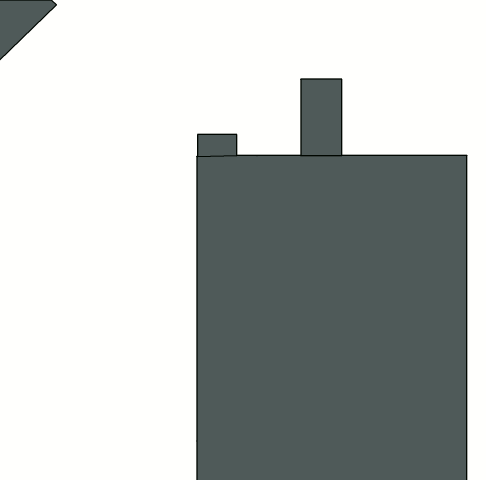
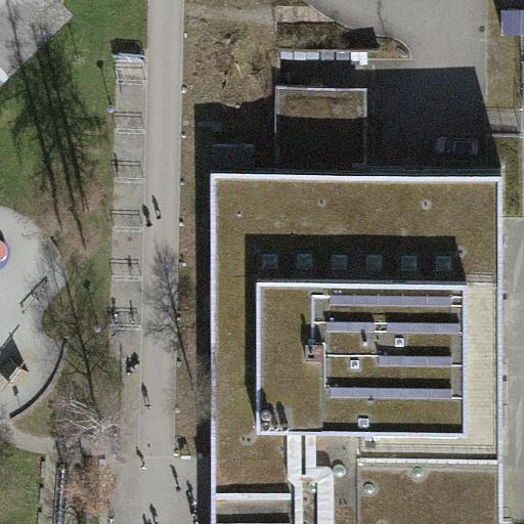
building: none -> [275,93,322,175]

